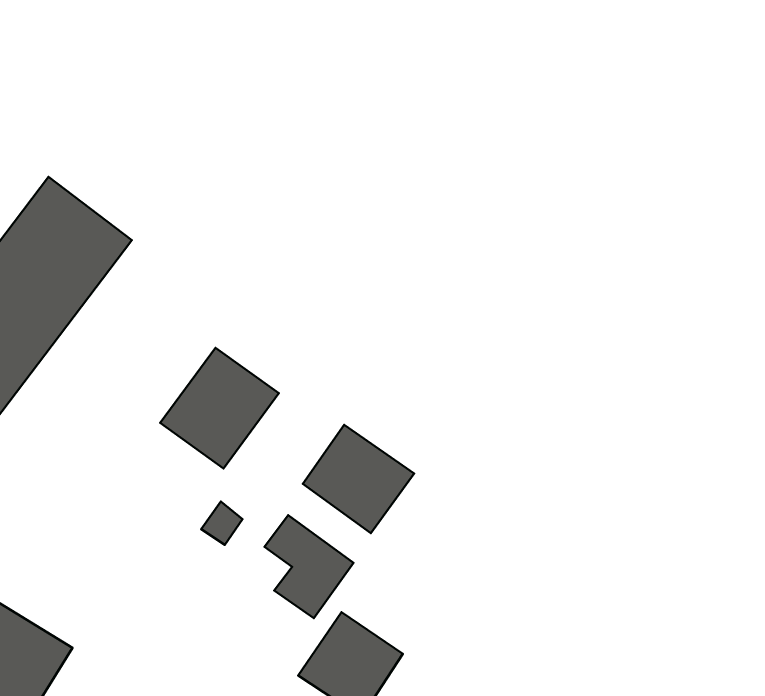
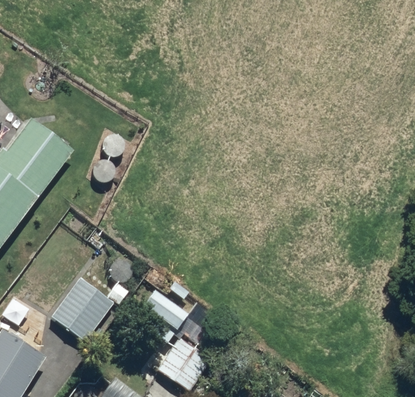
building: [160,348,279,468] -> [54,279,114,340]
building: [303,425,414,533] -> none

